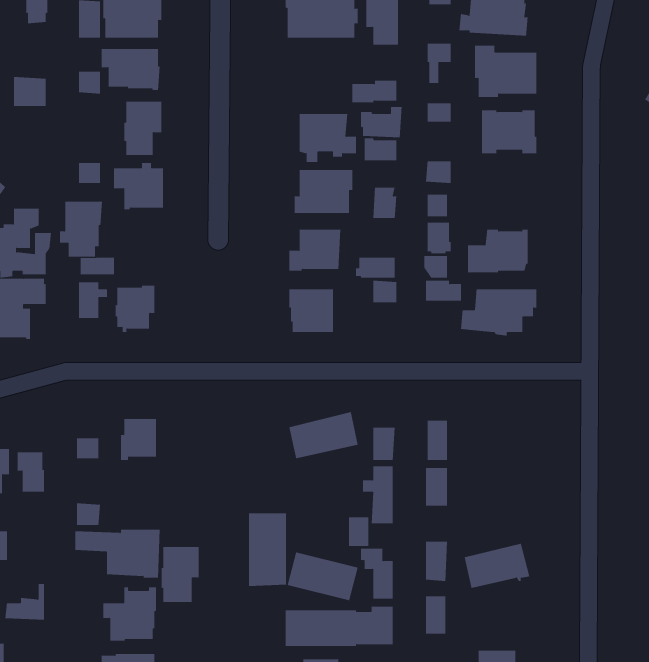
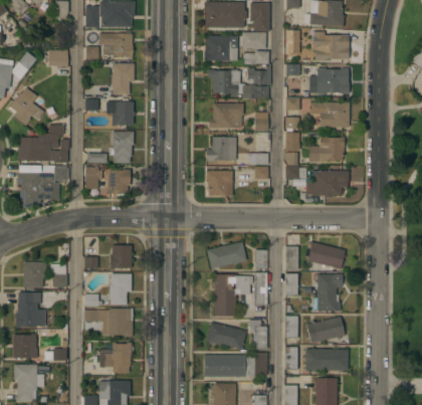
building: none -> [242,32,265,48]
building: none -> [204,35,237,60]
building: none -> [309,103,349,128]
building: [59,201,103,257] -> [109,131,134,163]
building: none -> [306,242,345,268]
building: none -> [311,274,340,311]
building: [248,513,287,586] -> [214,274,236,317]
building: [161,546,199,602] -> [109,273,131,306]
building: none -> [304,349,348,370]

